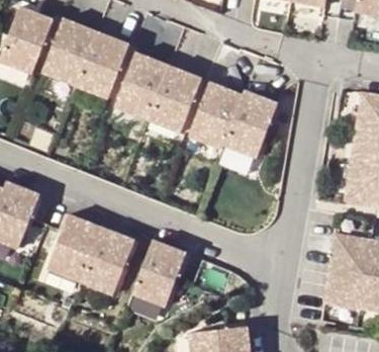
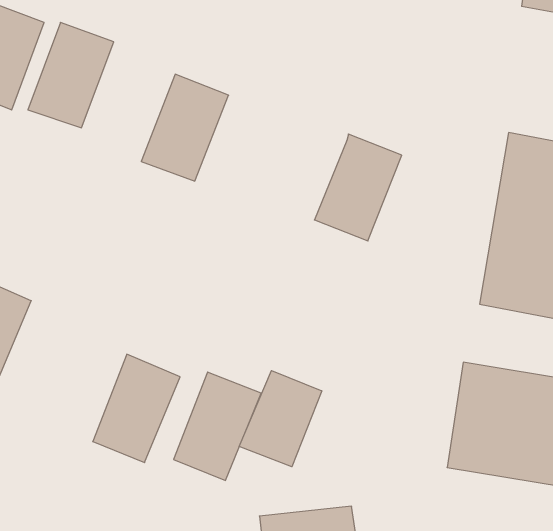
building: [79,32,132,98] -> none
building: [150,66,203,133] -> none
building: [190,82,245,149] -> none
building: [54,214,107,282] -> none
building: none -> [239,371,322,467]

